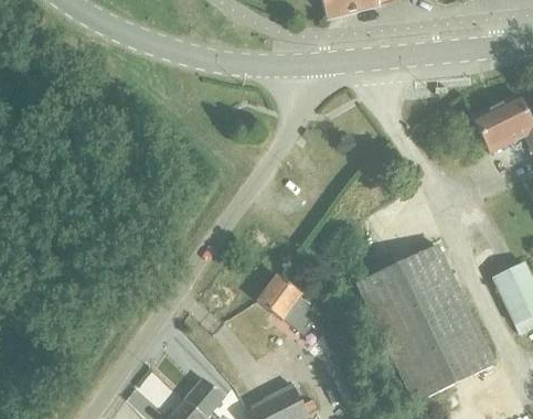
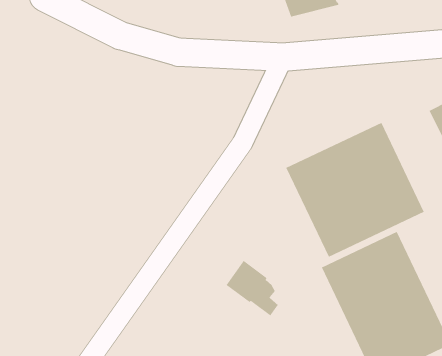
building: none -> [285,122,425,258]

